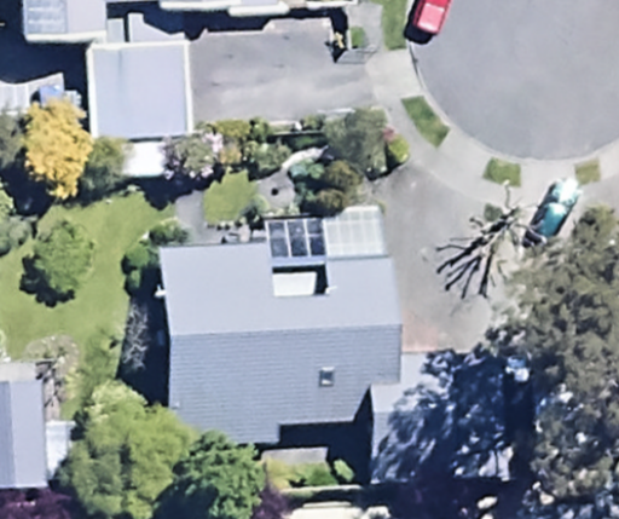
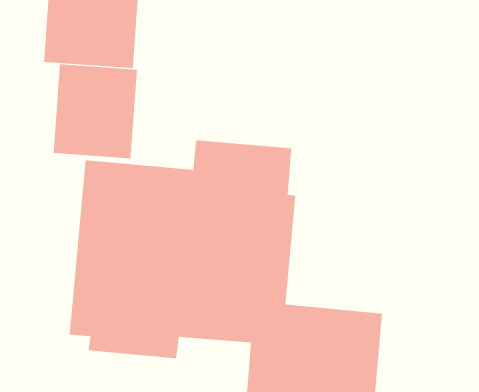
building: none -> [53,63,137,159]

